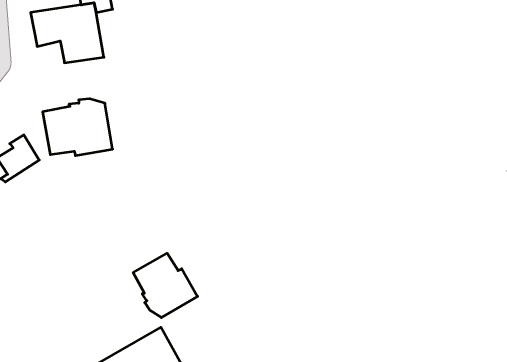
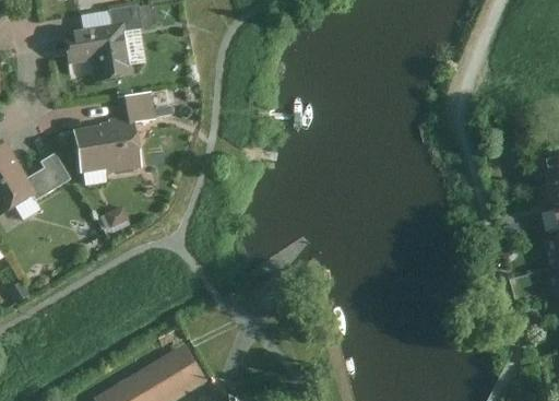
building: none -> [114,89,153,119]
building: [133,253,198,318] -> none

